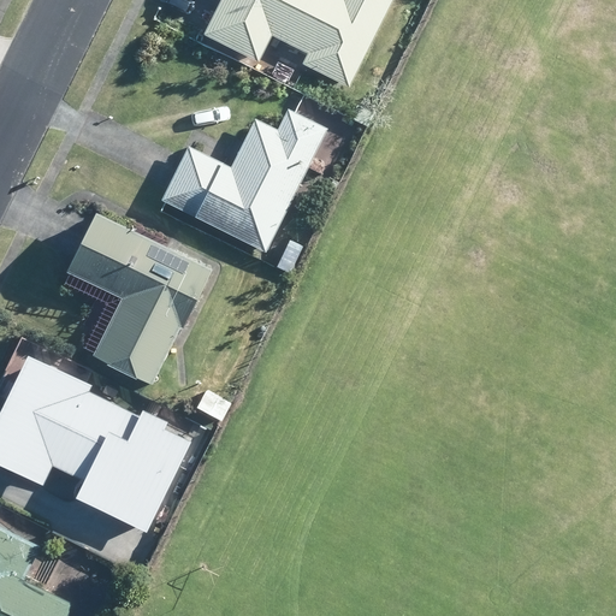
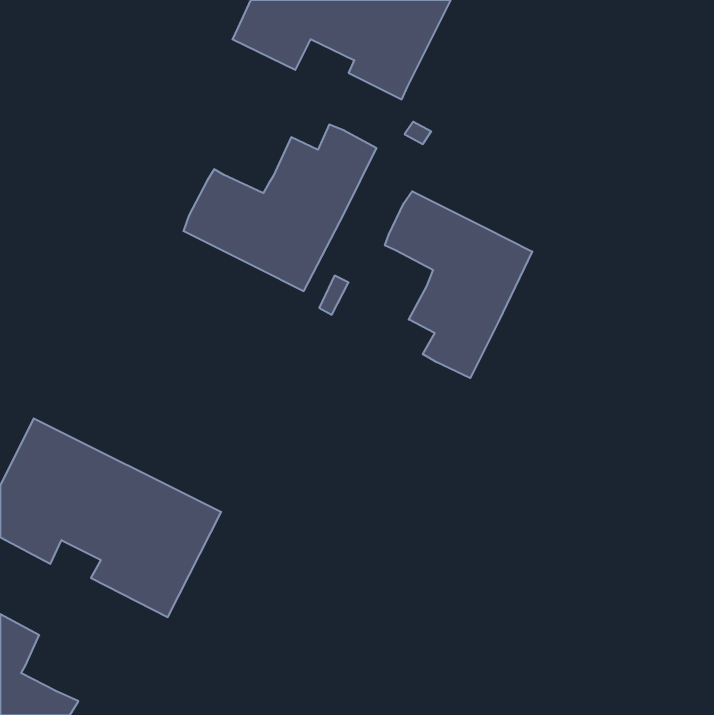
building: none -> [385,191,532,378]
building: [61,213,207,384] -> none

